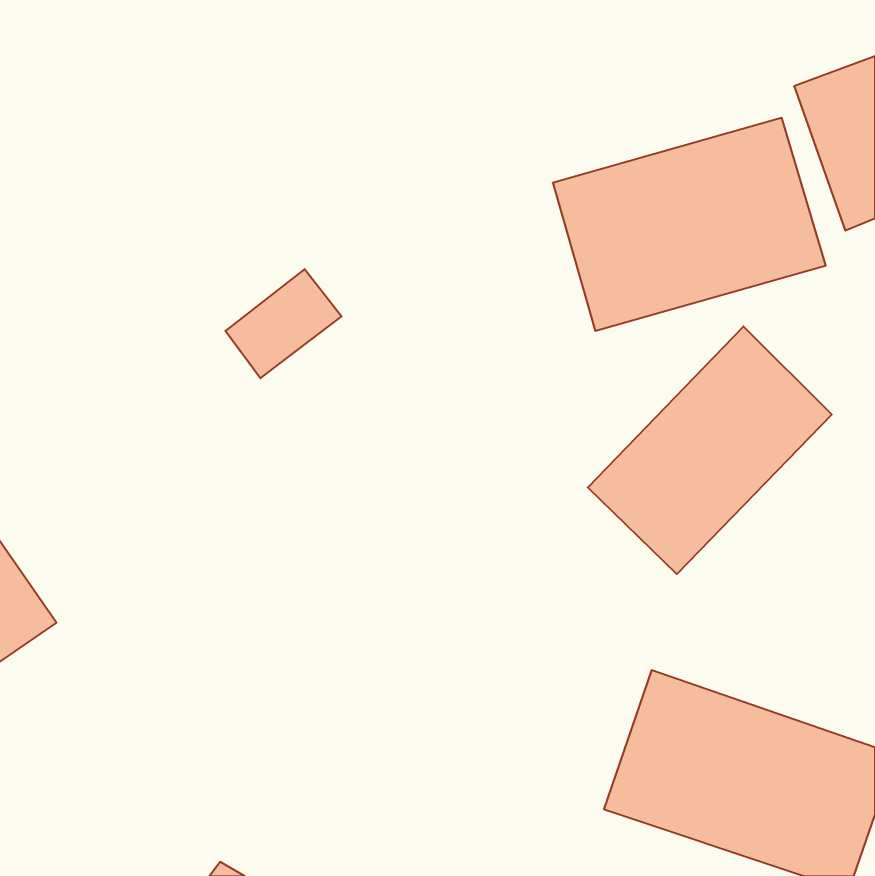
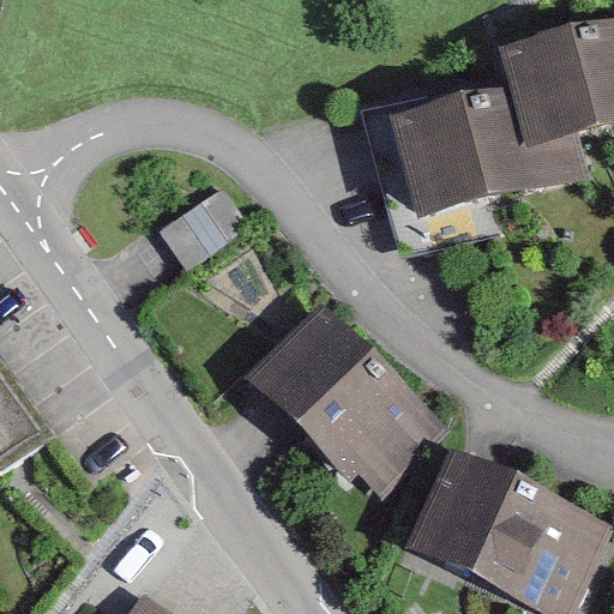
building: [588,326,832,574] -> none
building: none -> [246,296,446,494]

